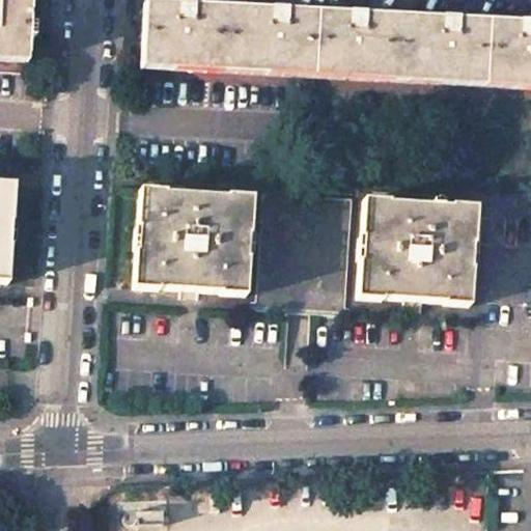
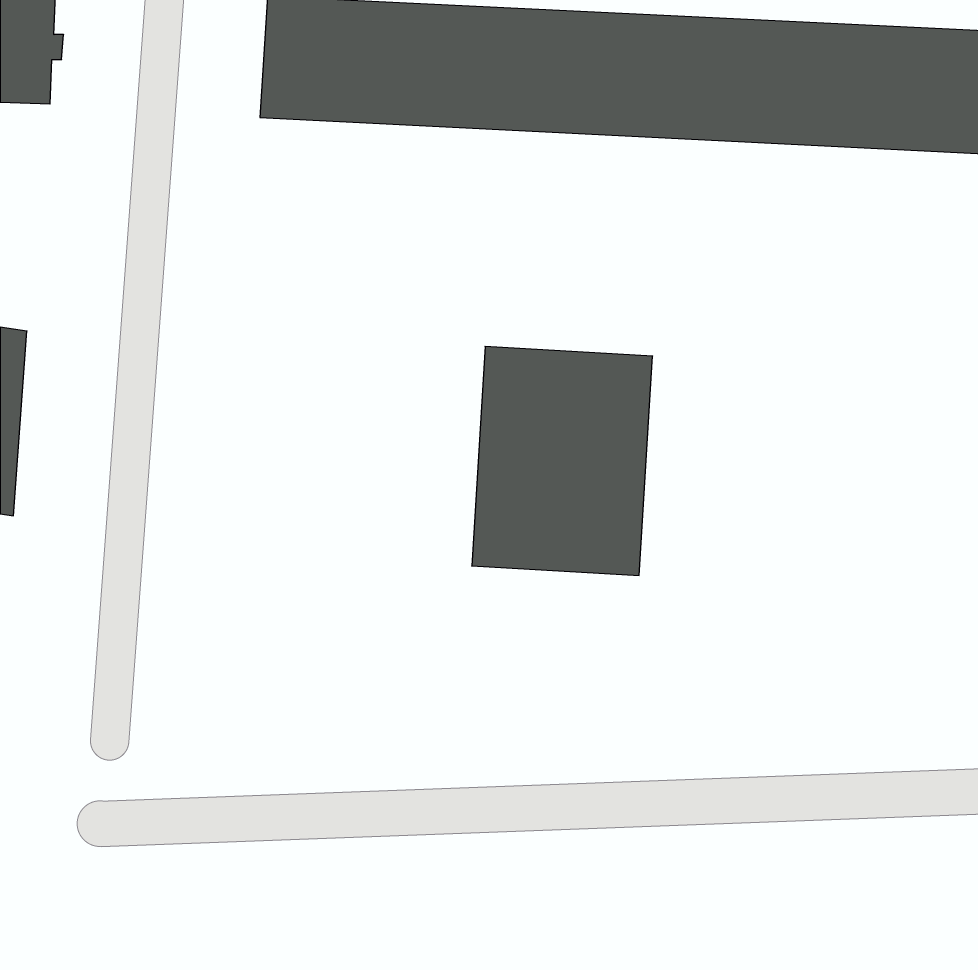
building: [135,184,255,290] -> none
building: [358,194,477,301] -> none

